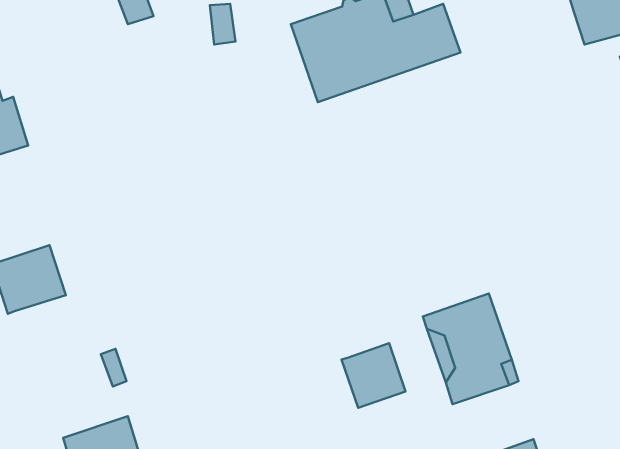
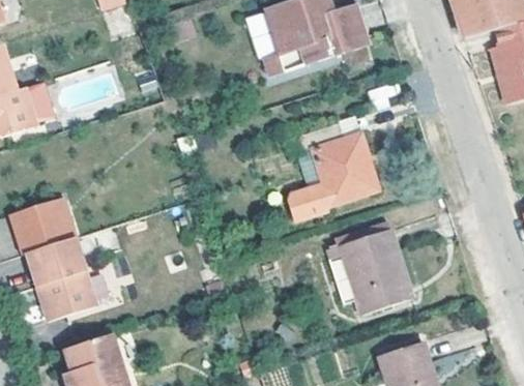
building: none -> [293,121,378,219]
building: none -> [25,228,94,313]
building: [342,343,406,408] -> none

